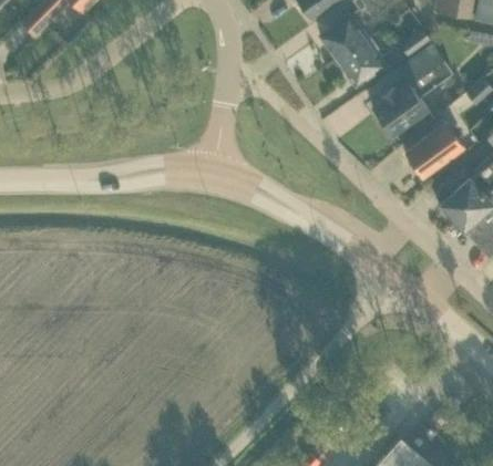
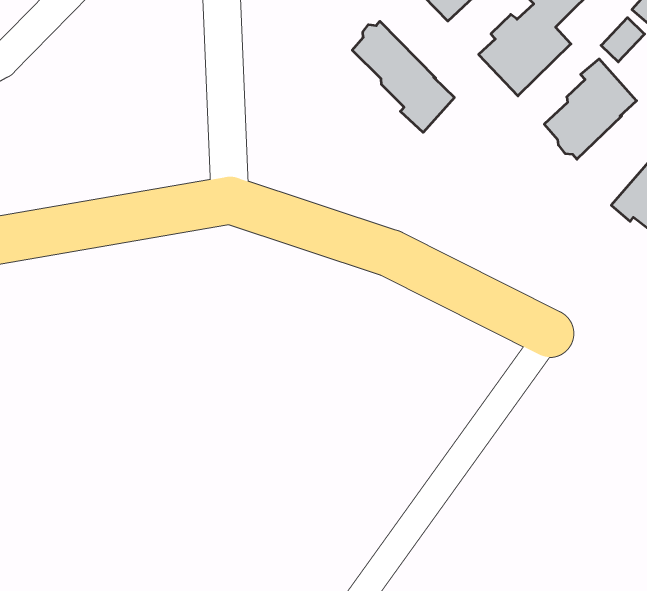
building: none -> [352,21,454,132]

